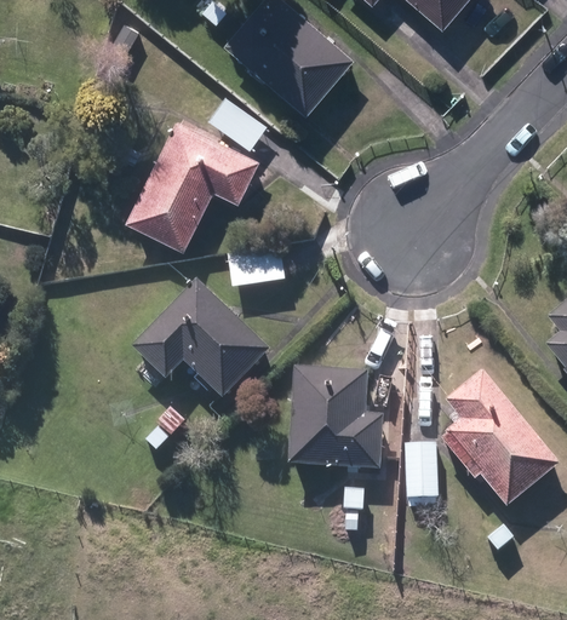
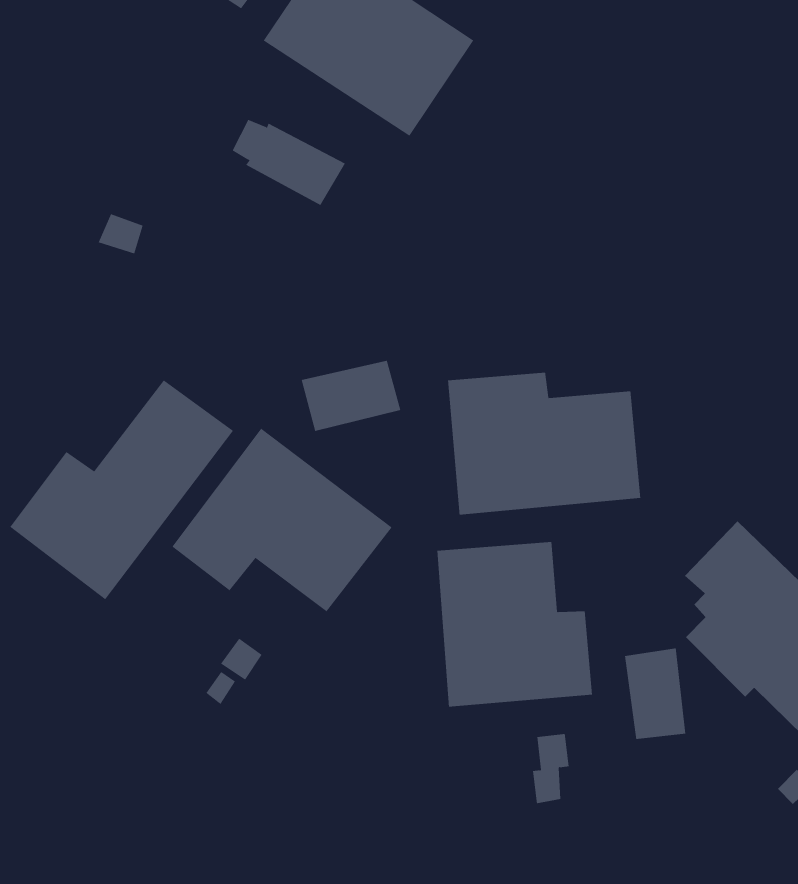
building: [127,120,259,248] -> none
building: none -> [9,380,234,600]
building: none -> [448,372,641,515]

